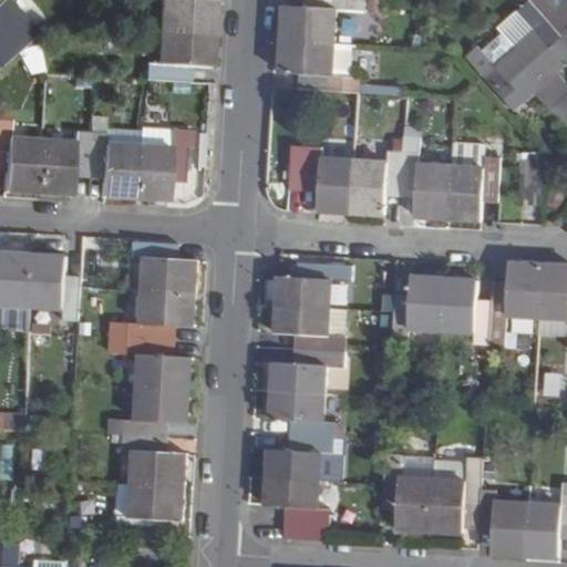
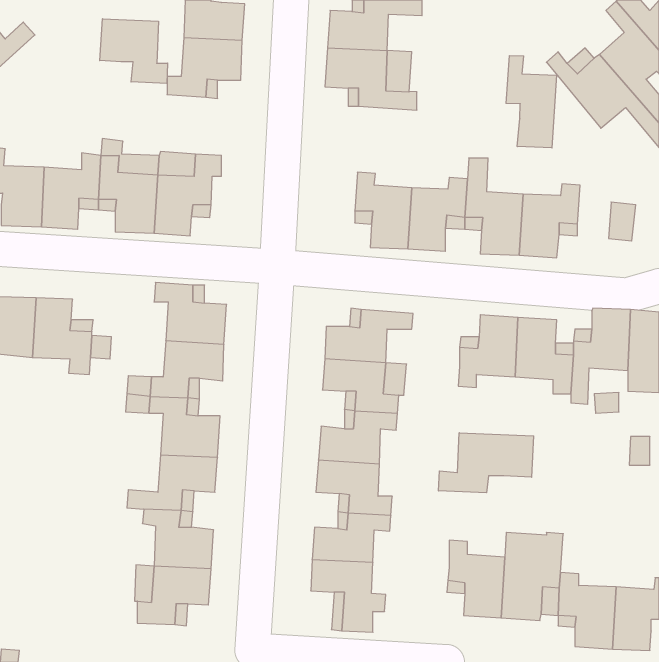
building: none -> [100,19,168,83]
building: none -> [506,56,557,148]
building: none -> [439,433,534,493]

